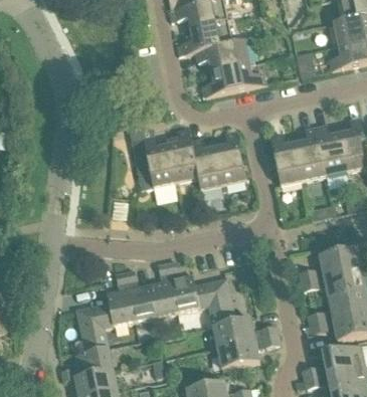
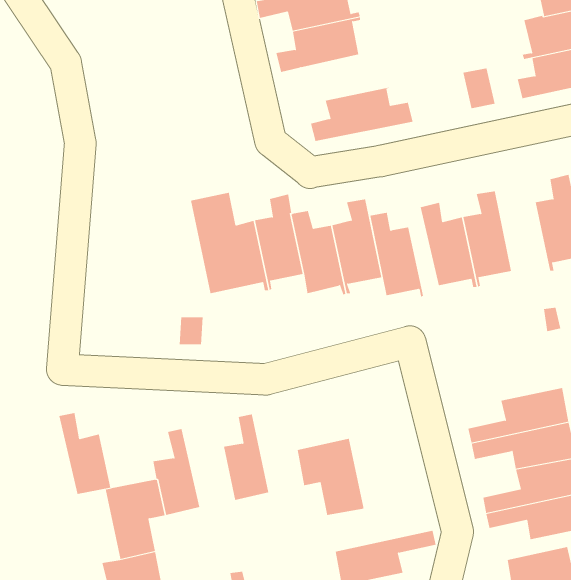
building: [196,40,254,71] -> none
building: [316,125,349,177] -> [370,212,424,297]
building: [167,261,198,312] -> none
building: [124,270,156,321] -> [59,413,111,495]
building: [212,318,278,348] -> none

